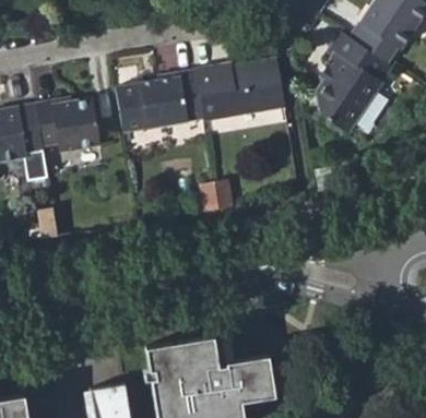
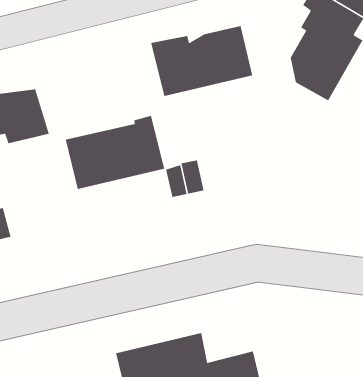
building: [116,70,203,132] -> [65,115,165,190]

